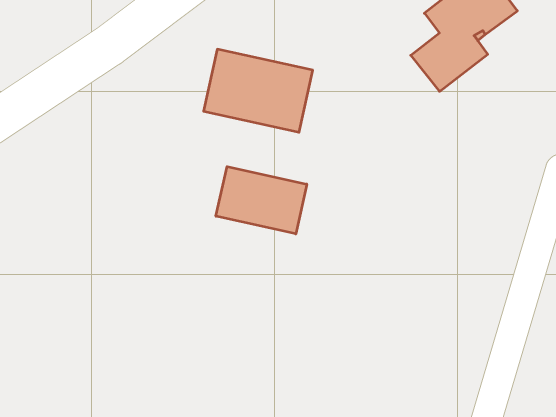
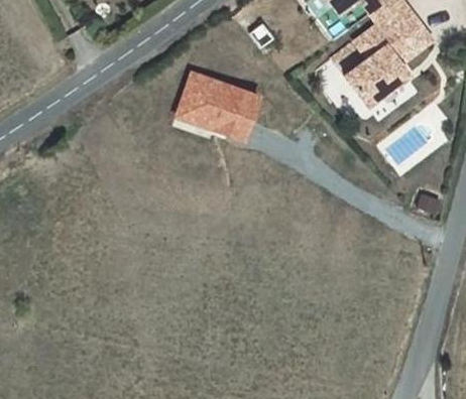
building: [216,167,307,234] -> none

